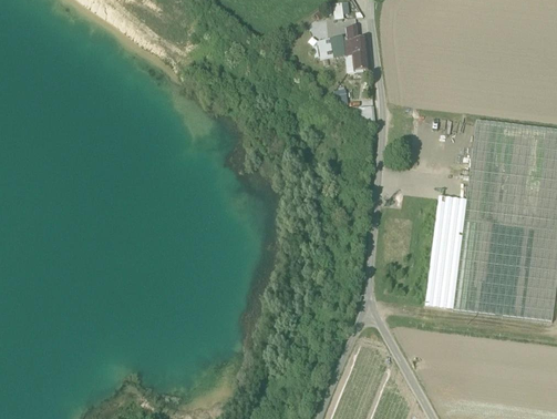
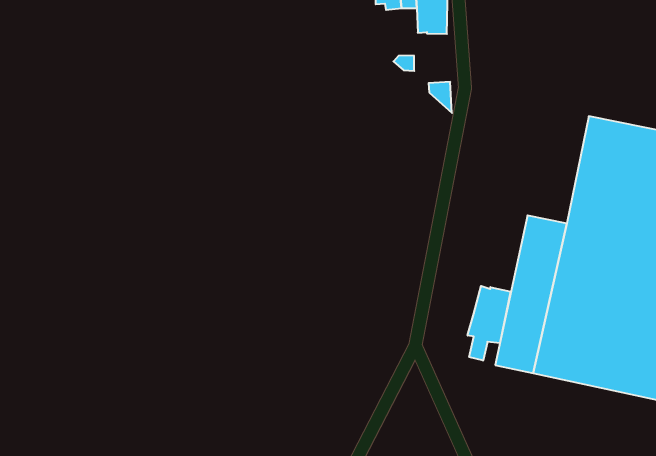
building: none -> [468,286,511,361]

